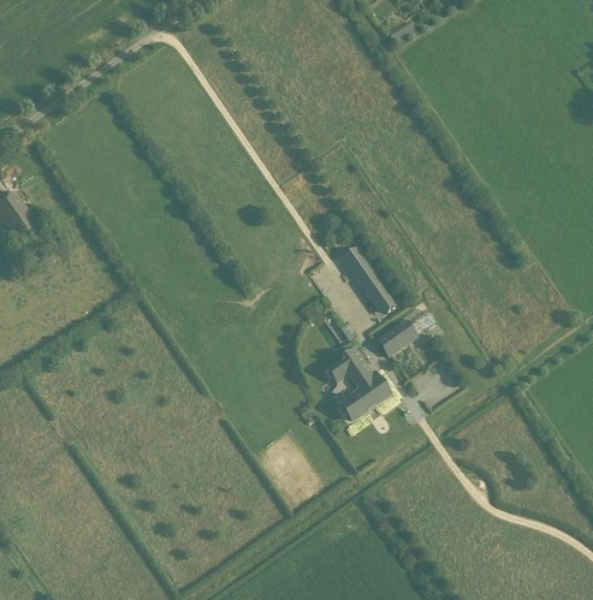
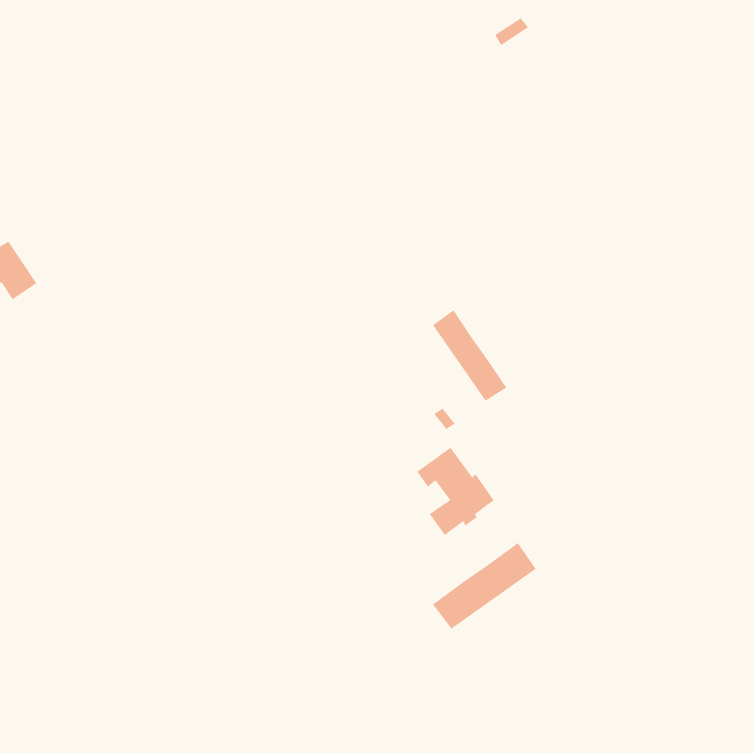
building: [375,320,417,357] -> none
building: none -> [432,542,537,629]

